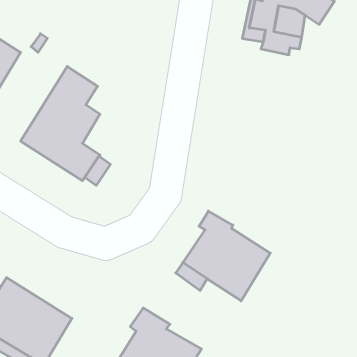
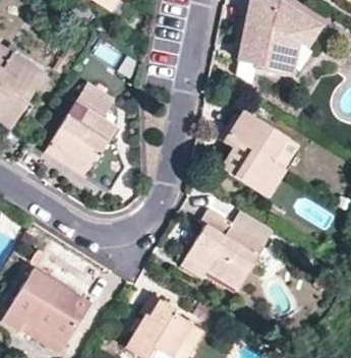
building: none -> [222,108,289,196]

